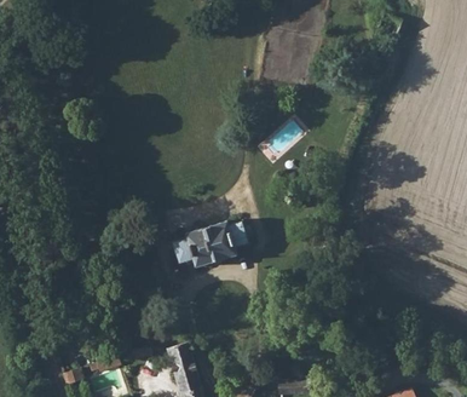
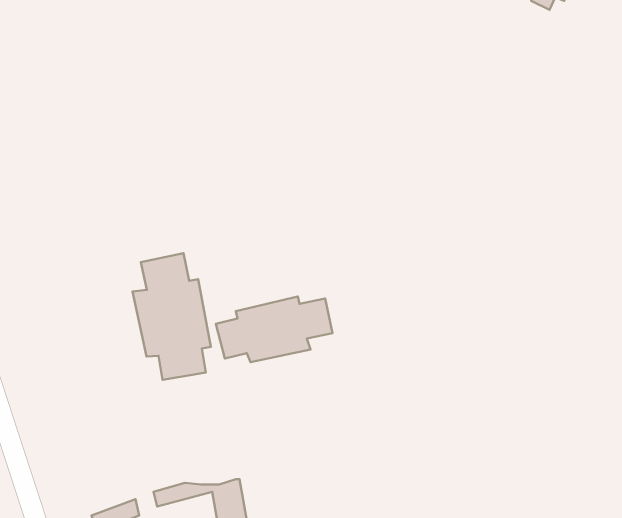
building: none -> [133,253,211,380]

